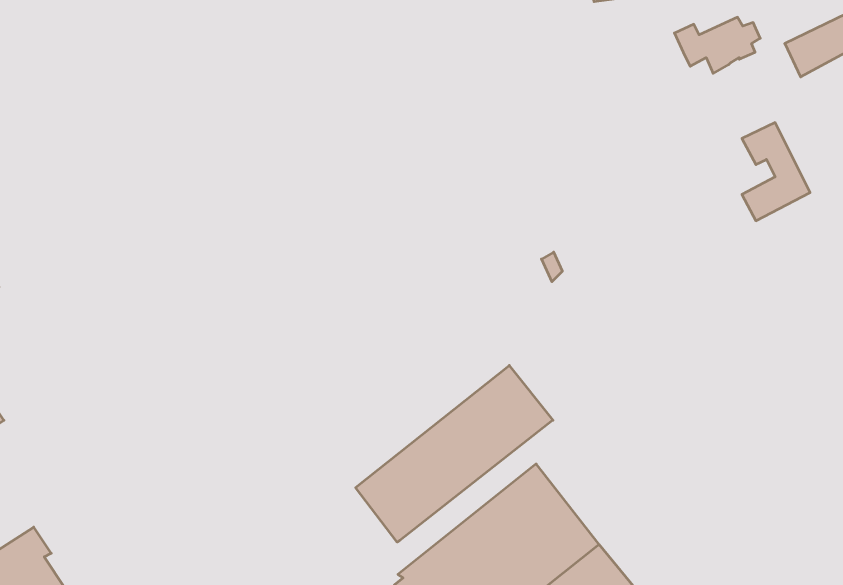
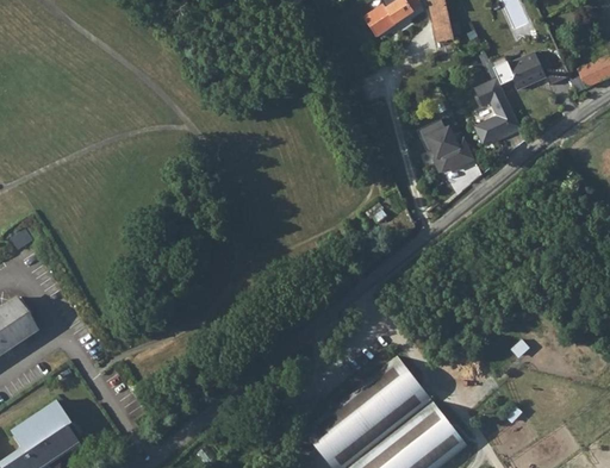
building: none -> [417,117,475,170]
building: [742,123,810,221] -> [477,80,523,146]
building: [356,365,553,542] -> none

